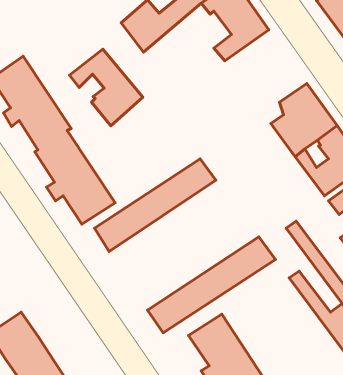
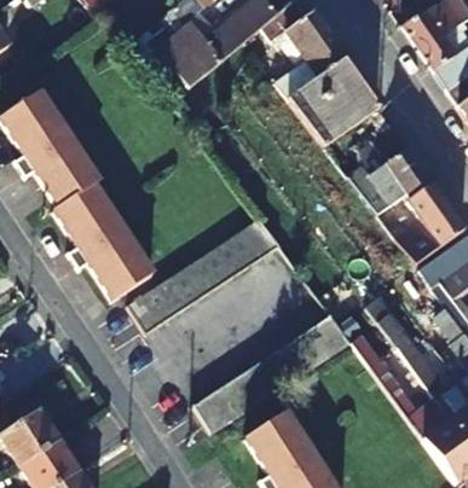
building: none -> [290,58,380,145]
building: [70,49,143,126] -> none

